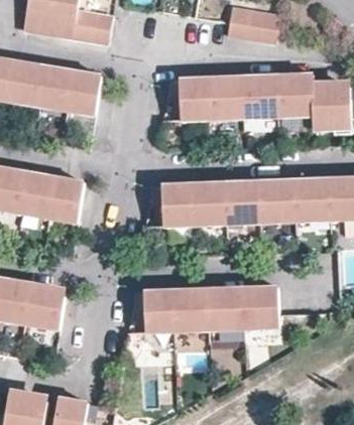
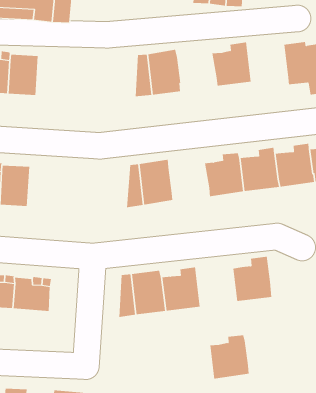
building: [67,72,101,115] -> none
building: [276,74,313,116] -> none
building: [208,78,243,119] -> none
building: [48,178,84,222] -> none
building: [190,184,226,224] -> none
building: [207,289,243,329] -> [210,335,249,379]

